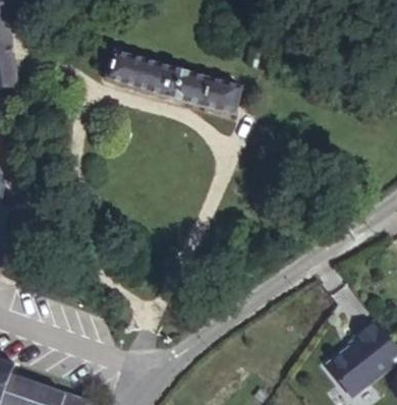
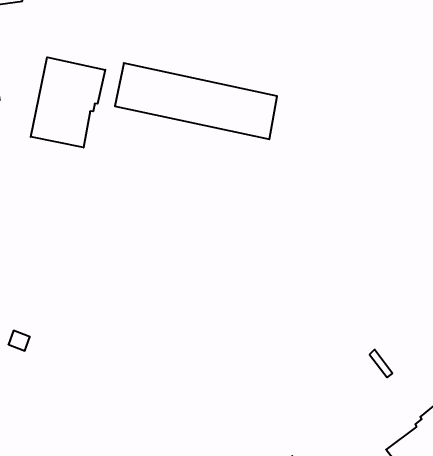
building: none -> [31,57,105,148]

